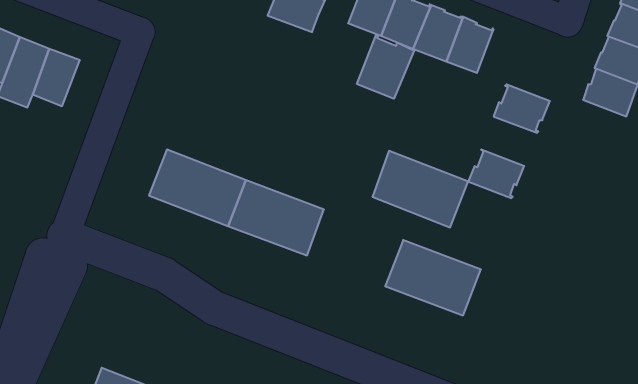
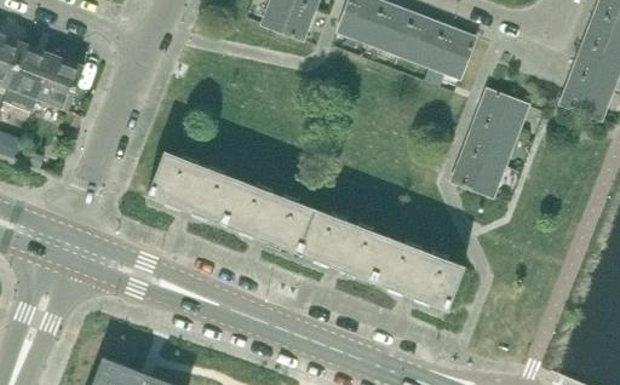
building: [357,35,414,99] -> none
building: none -> [463,120,516,167]
building: [372,151,468,227] -> [298,208,389,281]

